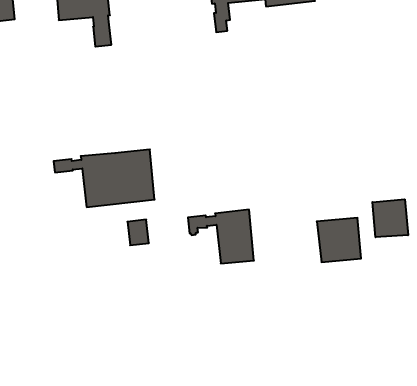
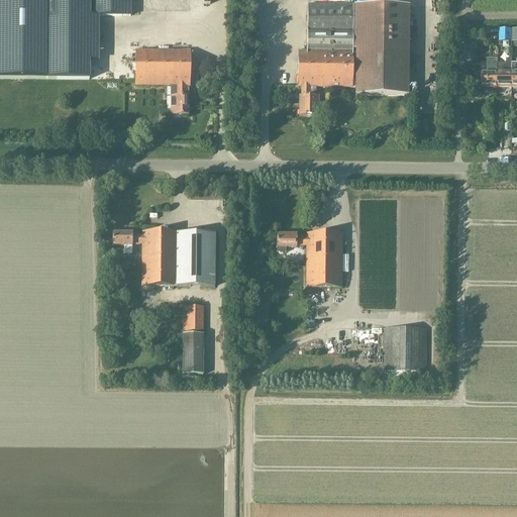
building: [372,199,408,237] -> none
building: [188,210,254,263] -> [278,229,343,284]
building: none -> [184,329,204,371]

